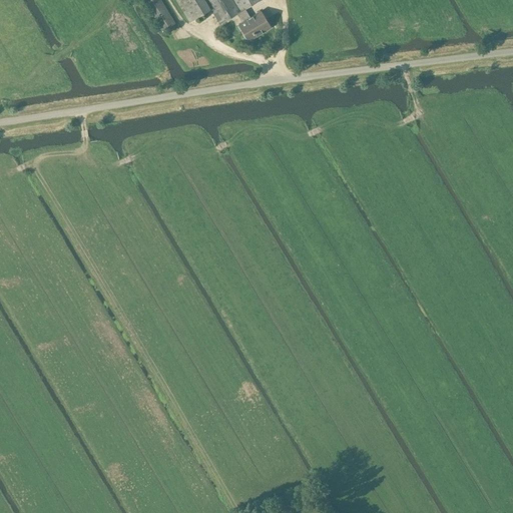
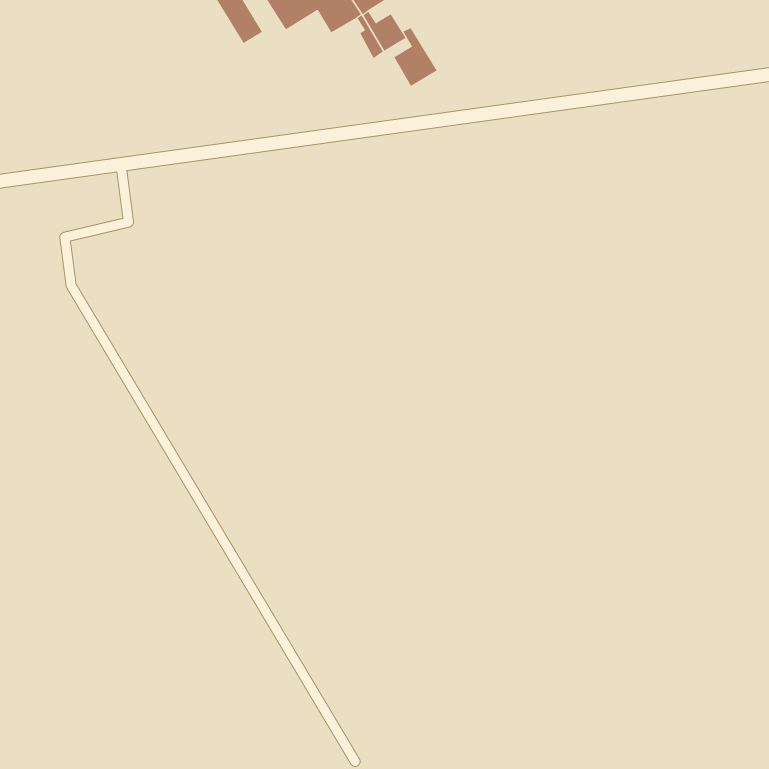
building: none -> [394,27,437,87]

